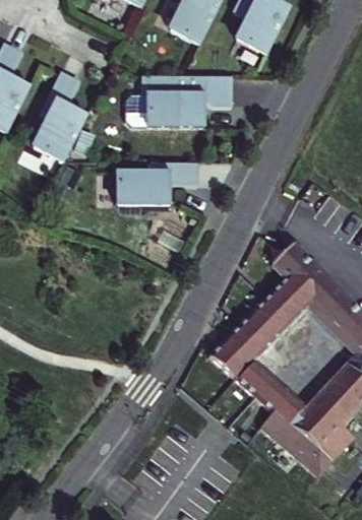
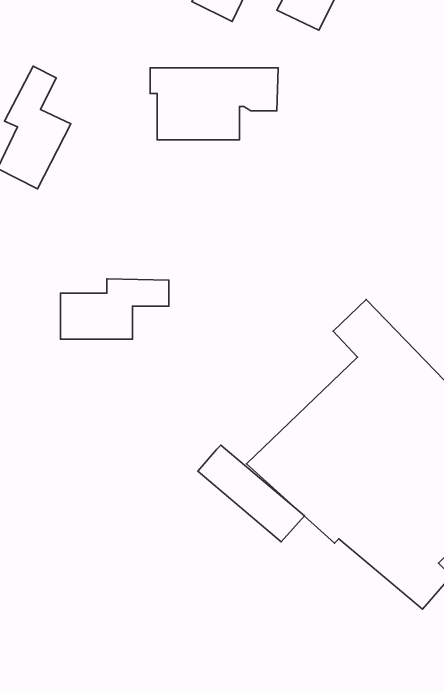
building: [122,162,198,205] -> [61,279,169,339]
building: [259,408,335,476] -> [198,445,304,542]

